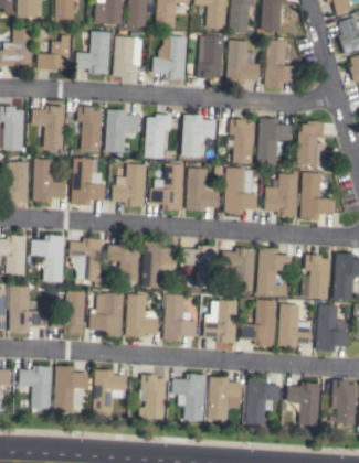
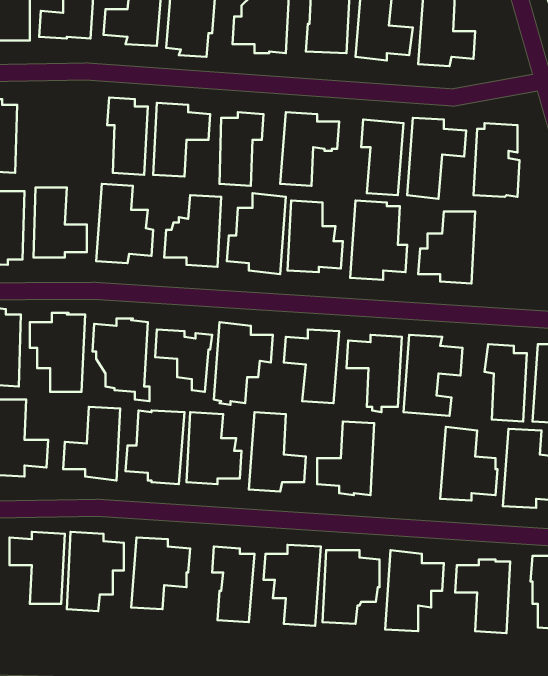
building: [31,106,64,149] -> none
building: [300,172,334,220] -> none
building: [241,300,276,347] -> none

